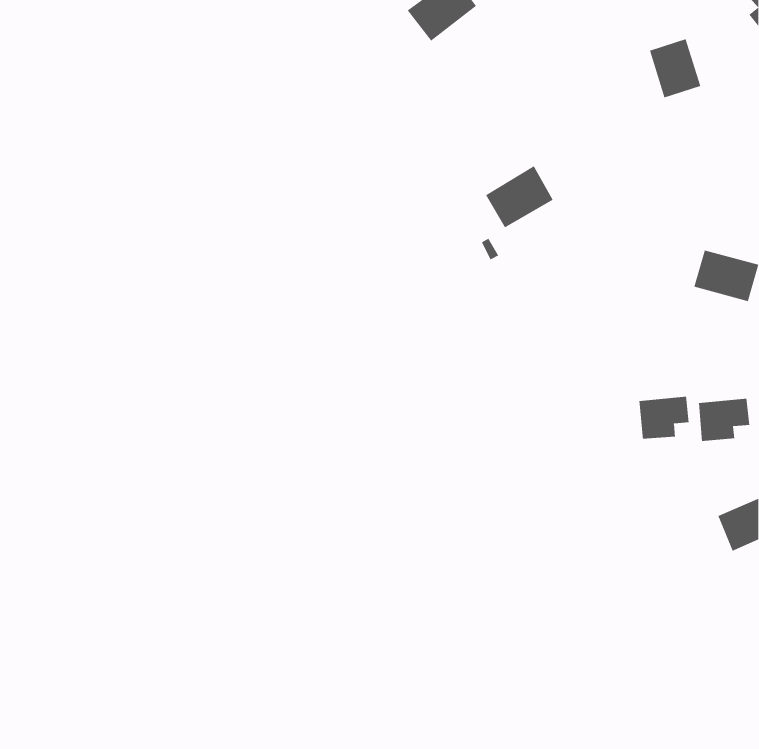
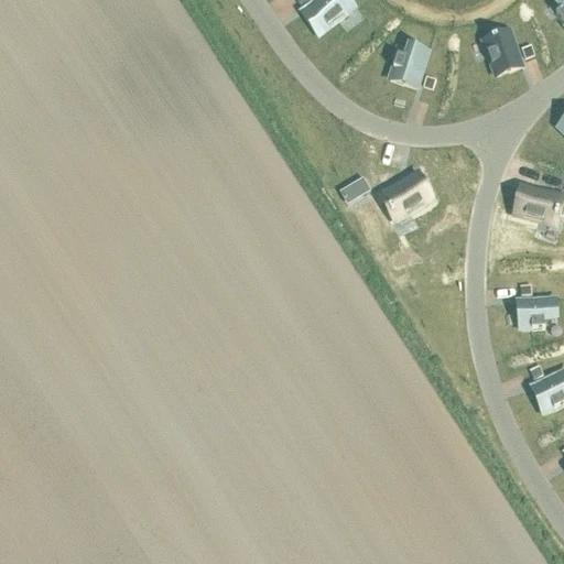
building: none -> [390,44,429,85]
building: [485,166,554,228] -> [381,172,432,218]
building: [639,396,689,440] -> none

